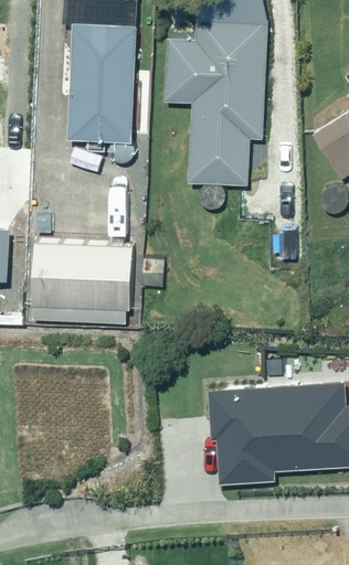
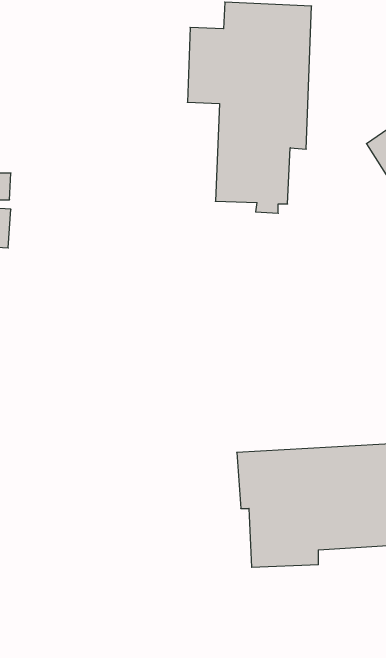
building: [68,24,137,150] -> none
building: [32,244,133,310] -> none

